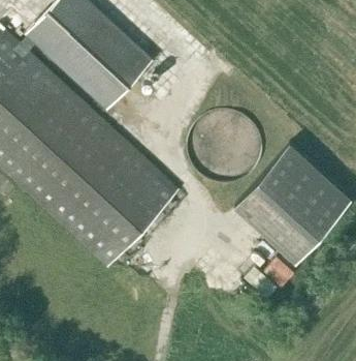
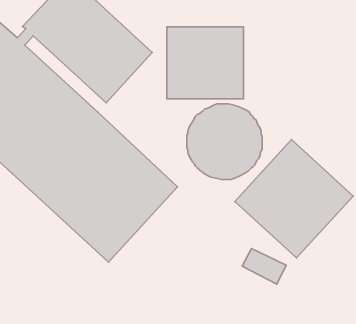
building: none -> [167,27,243,99]

